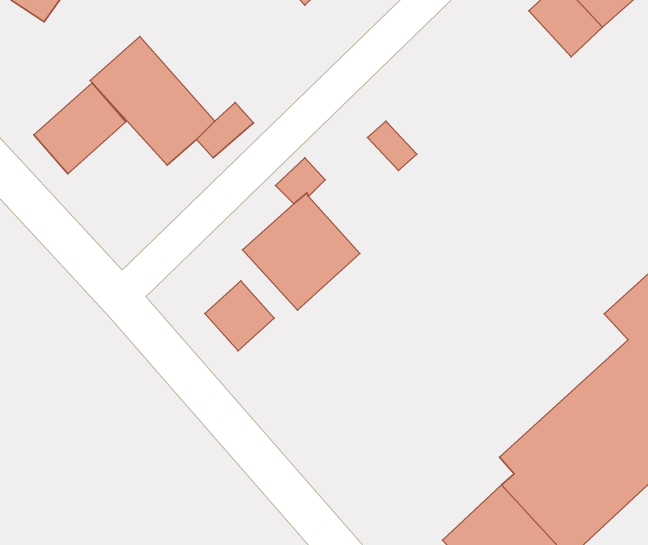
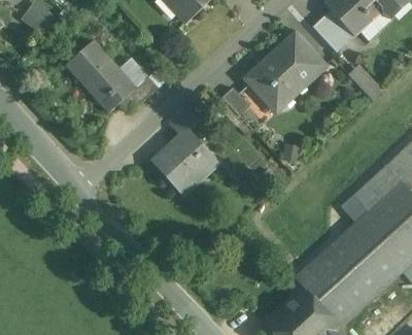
building: none -> [249,33,323,110]
building: [34,83,126,174] -> none
building: [205,281,274,351] -> none

